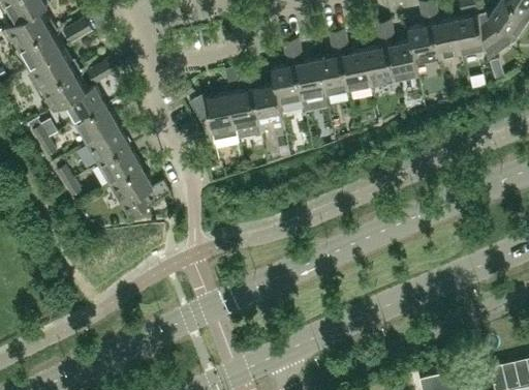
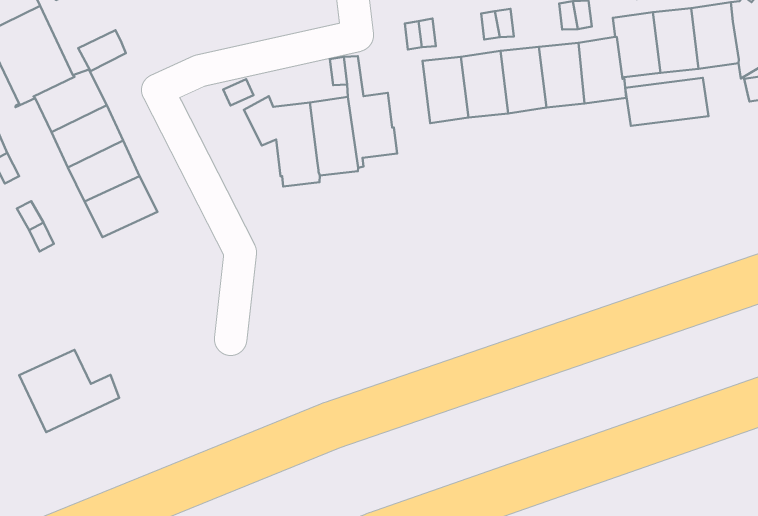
building: none -> [625,78,708,126]
building: [272,65,302,107] -> none
building: [110,168,170,218] -> [19,350,119,432]

